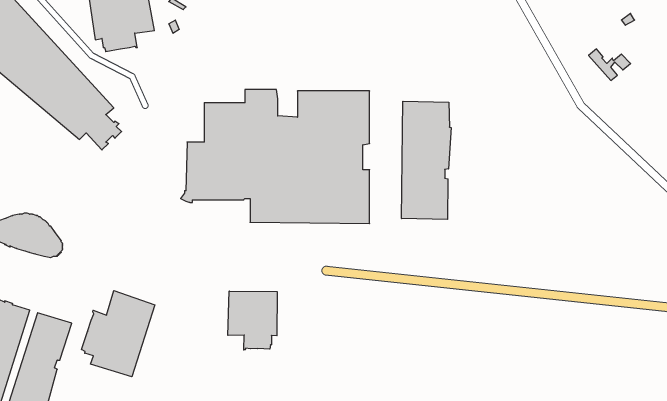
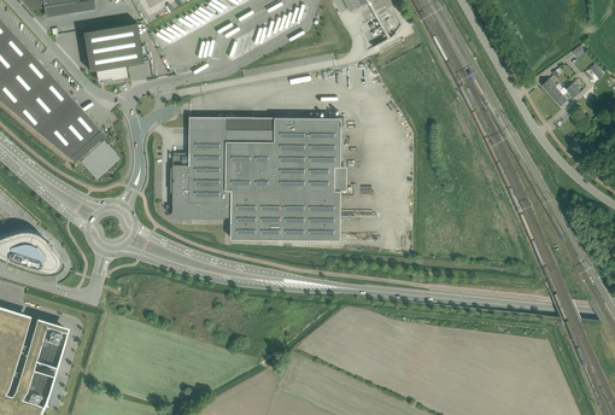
building: [402,101,451,219] -> none
building: [82,291,155,377] -> none
building: [228,291,277,350] -> none

